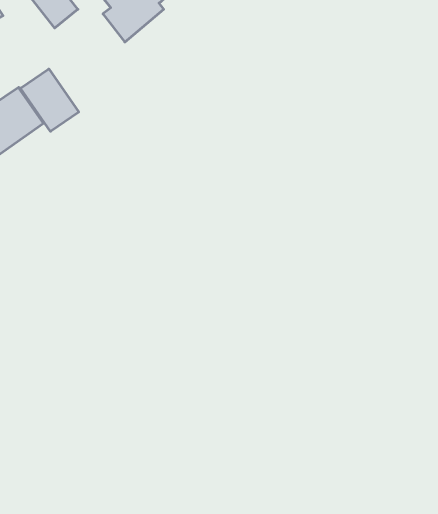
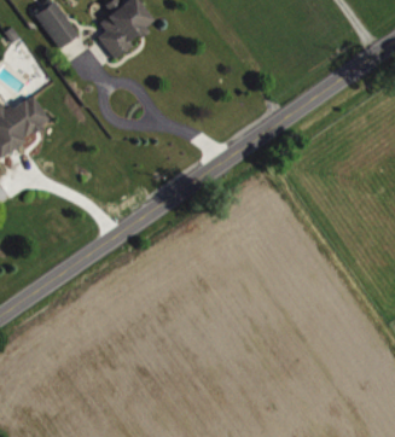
building: [21,69,79,131] -> none

